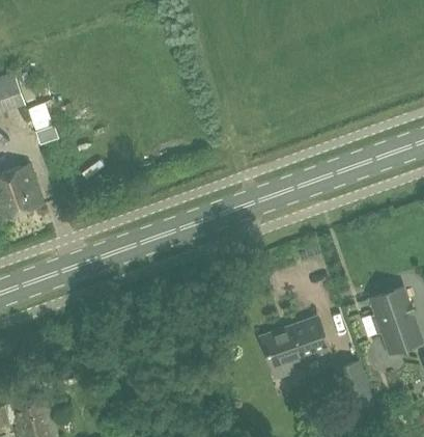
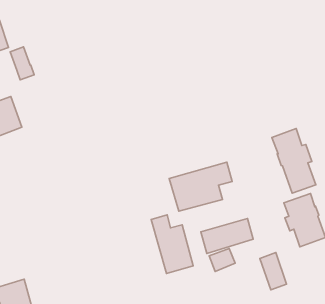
building: none -> [272,128,316,193]
building: none -> [169,162,232,211]
building: none -> [151,215,193,274]

